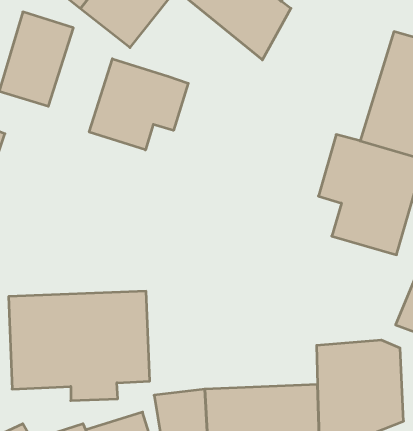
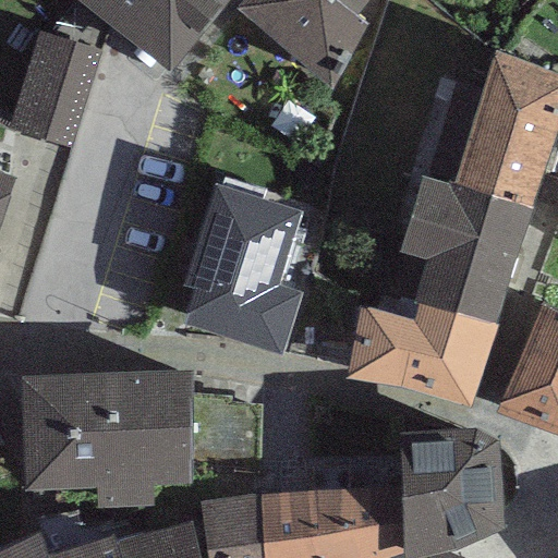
building: [89,59,188,150] -> none
building: none -> [181,184,304,356]
building: none -> [349,305,497,400]

